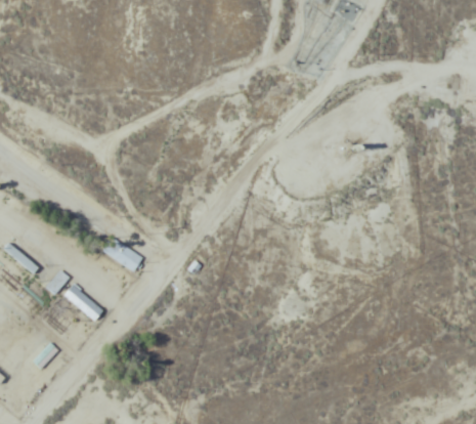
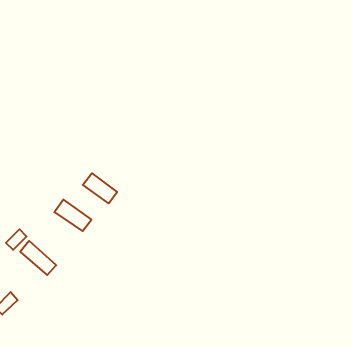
building: none -> [83,173,117,203]

